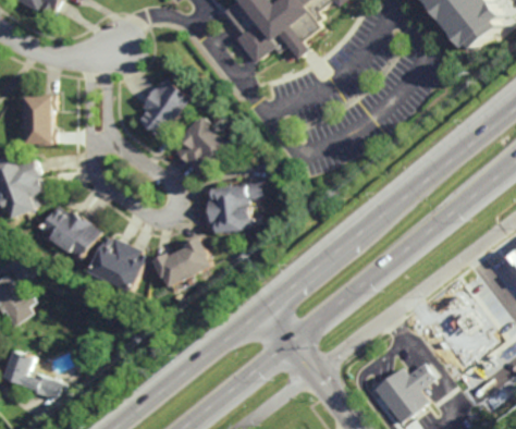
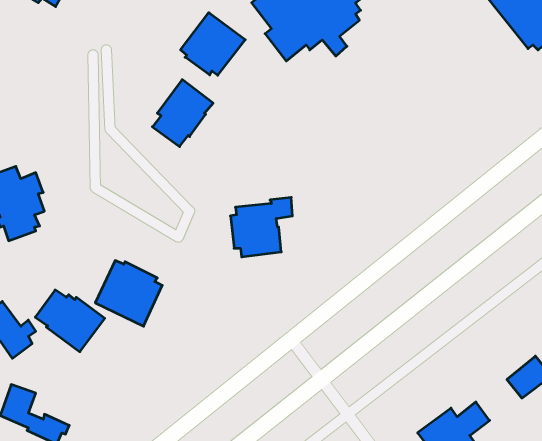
building: none -> [181,13,245,75]
building: [23,95,54,147] -> none
building: [173,117,231,174] -> none
building: [38,208,99,262] -> [35,290,105,352]
building: [152,241,209,284] -> none

